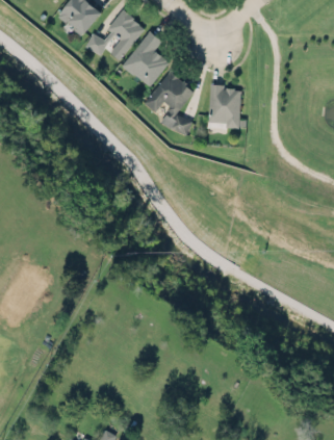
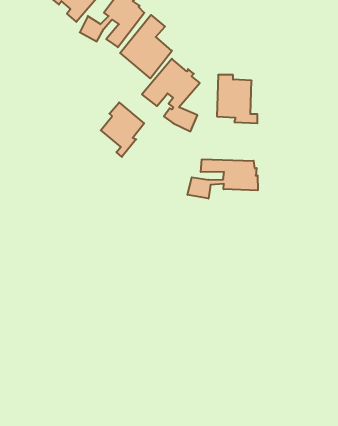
building: none -> [101,102,144,157]
building: none -> [188,159,258,199]

